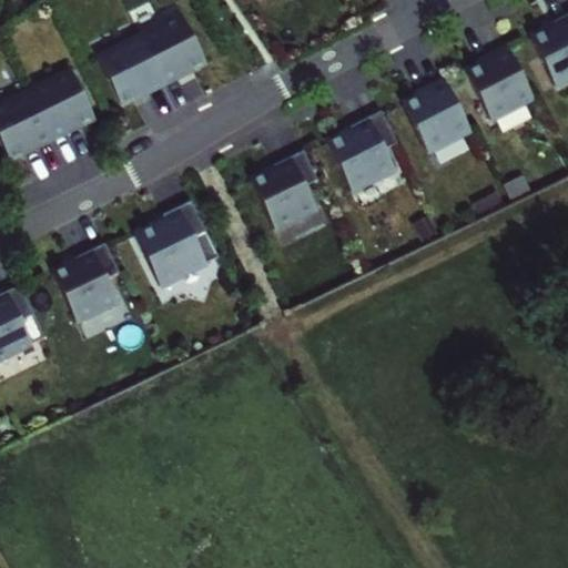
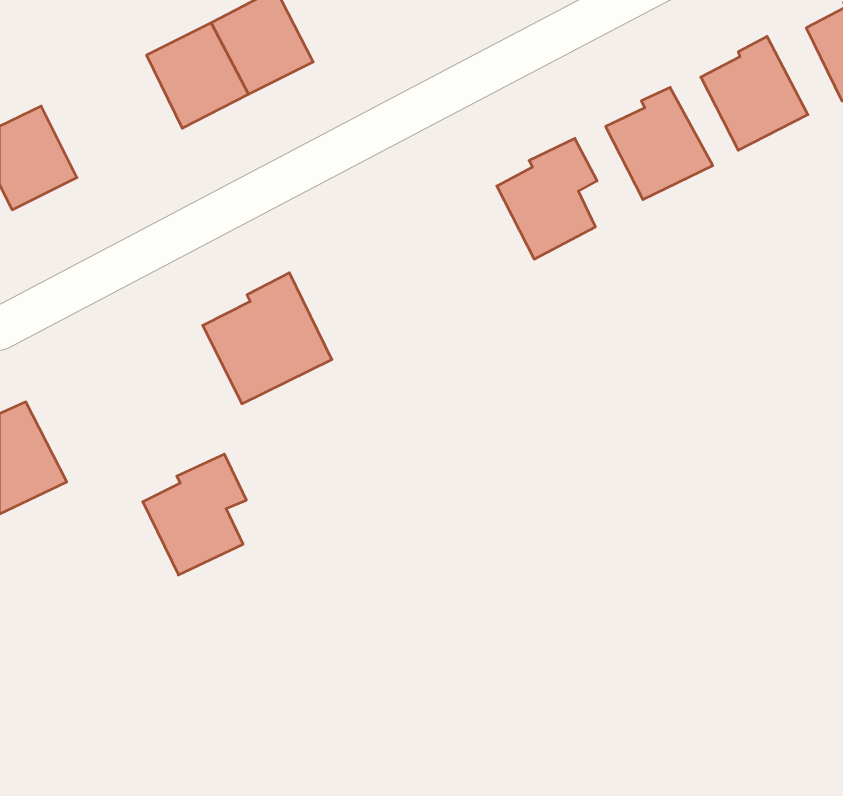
building: [32,72,99,140] -> none
building: [254,152,321,231] -> none
building: [55,244,123,323] -> [143,454,246,575]

